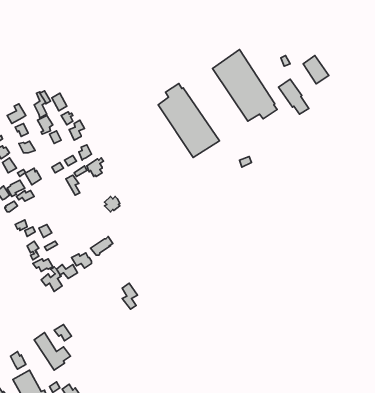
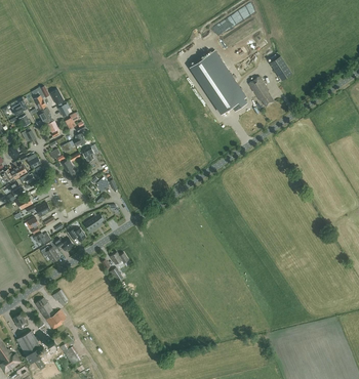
building: [158,83,219,158] -> none

